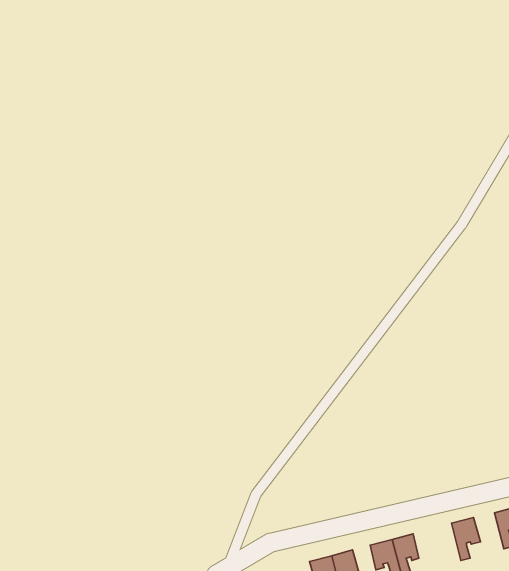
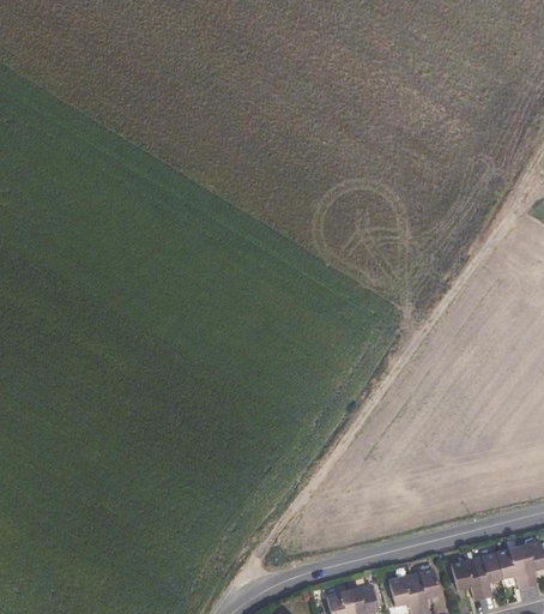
building: none -> [496,548,527,588]
building: none -> [452,559,483,598]

